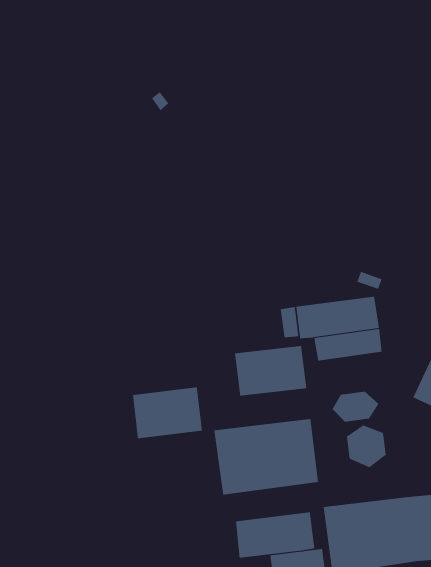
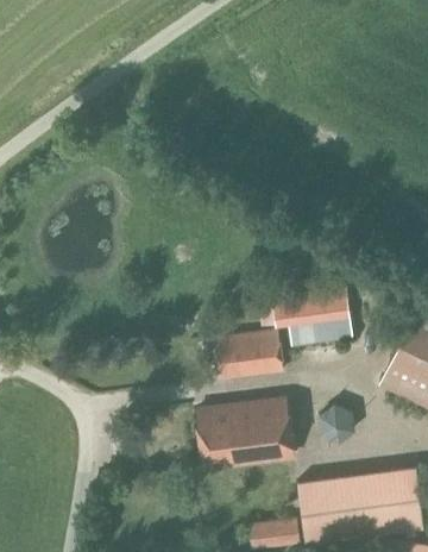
building: [132,387,202,439] -> none
building: [332,391,379,423] -> none
building: [235,511,315,558] -> none

